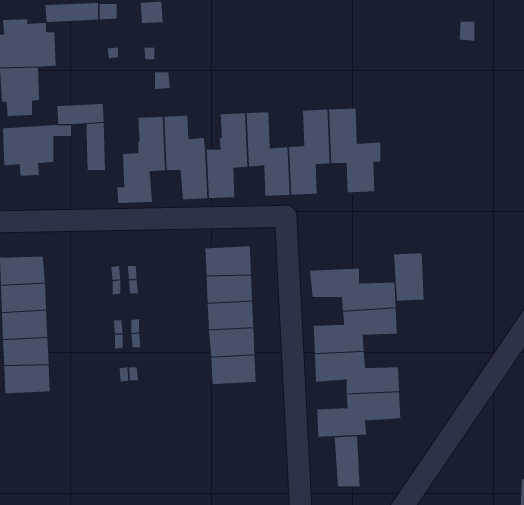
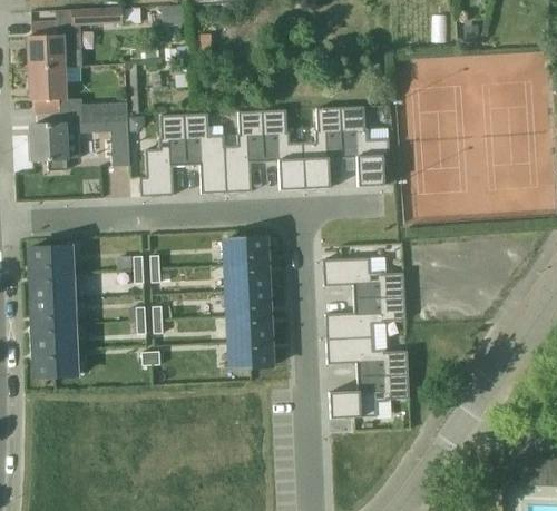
building: [393,253,424,301] -> none
building: [334,435,360,487] -> none

